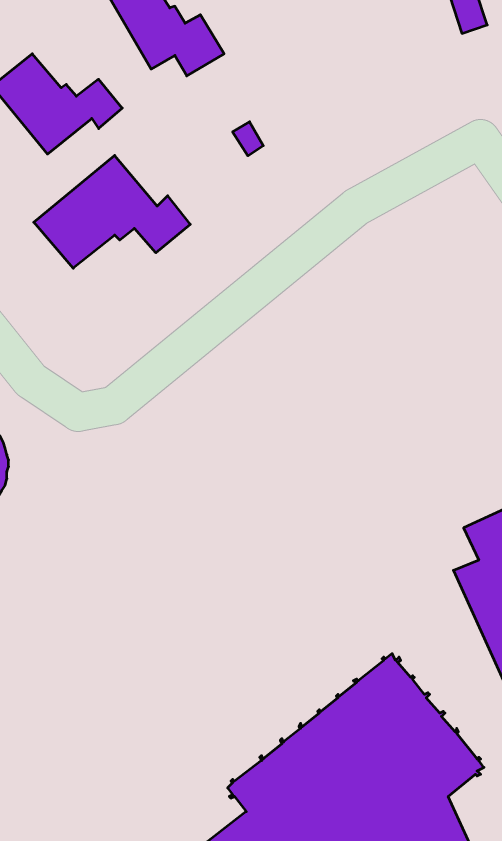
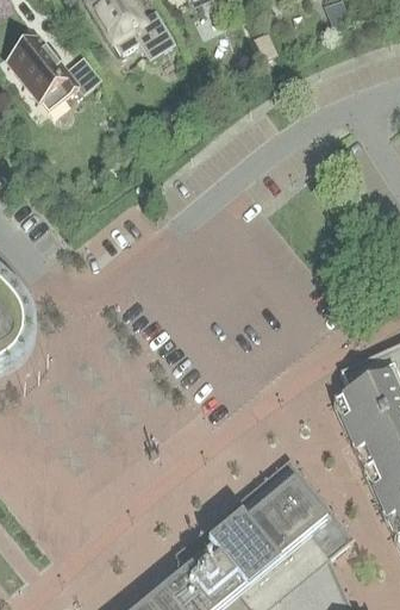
building: [34,155,190,268] -> none

